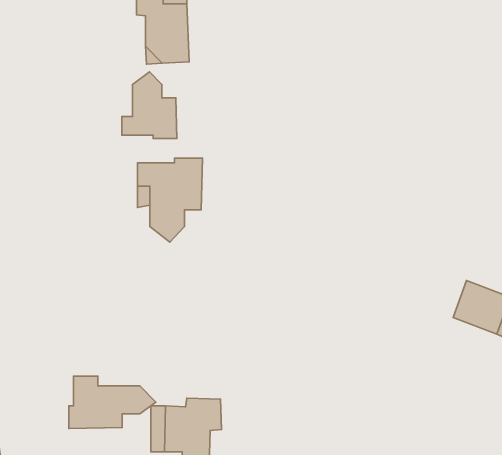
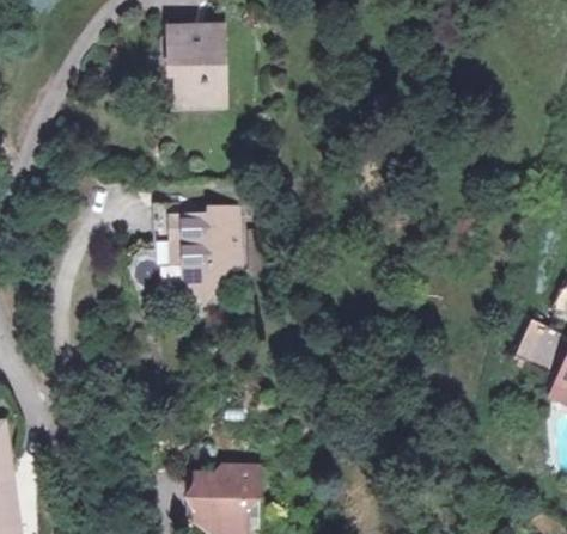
building: [122,72,177,139] -> none
building: [69,376,156,428] -> none

